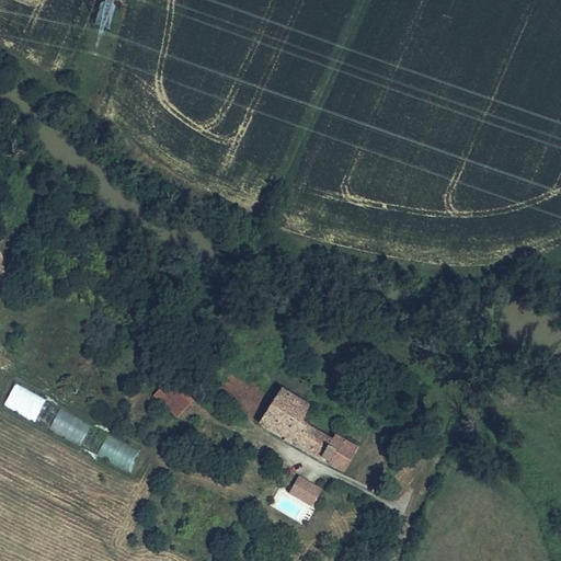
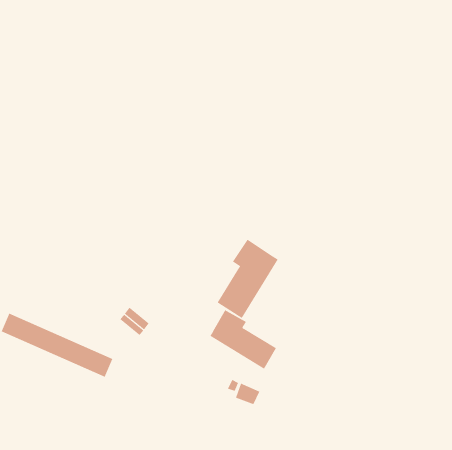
building: none -> [217,239,278,319]
building: [328,434,358,470] -> none

